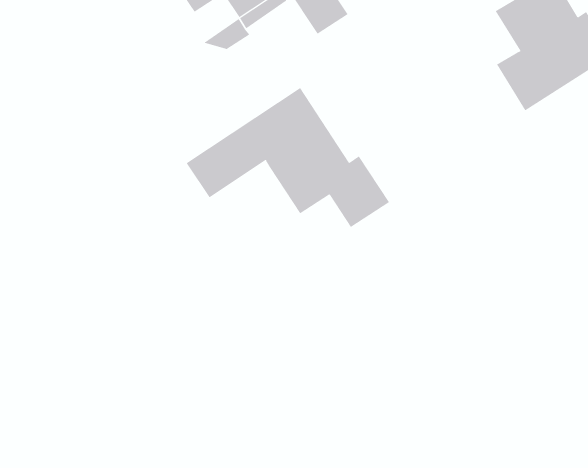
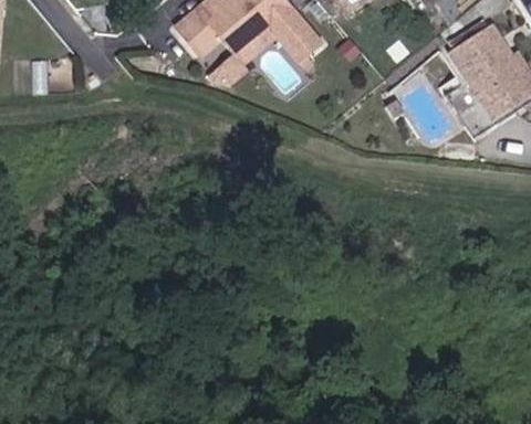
building: [186,87,390,228] -> none

